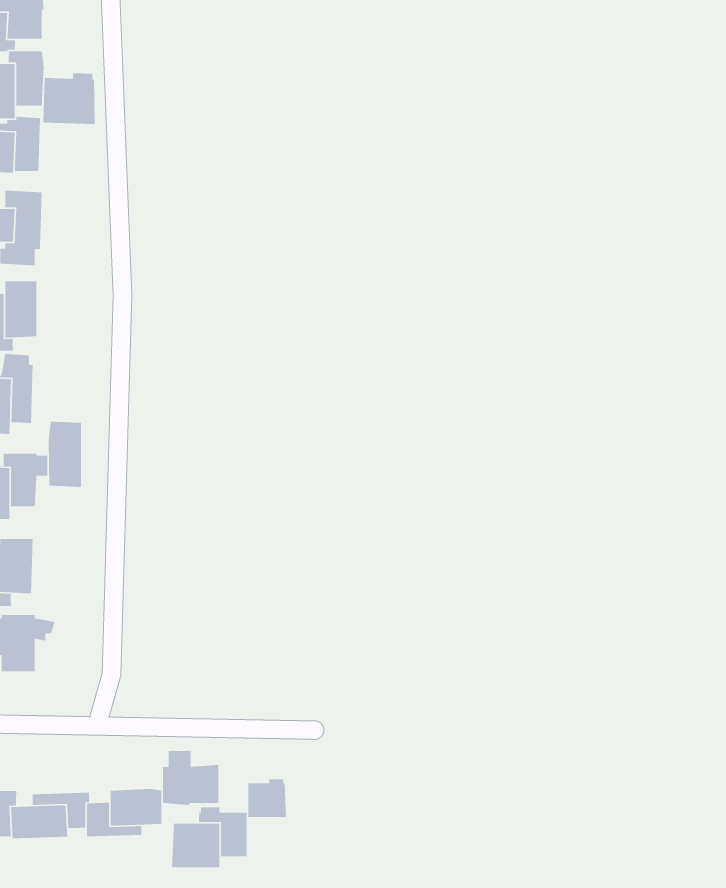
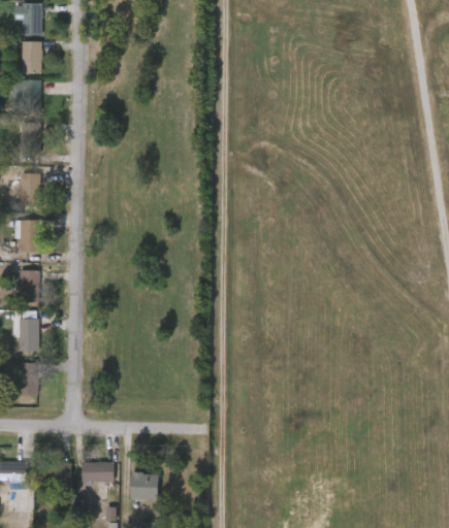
building: [43,73,95,125] -> none
building: [48,421,82,488] -> none
building: [162,750,219,806] -> none
building: [247,778,287,818] -> none

